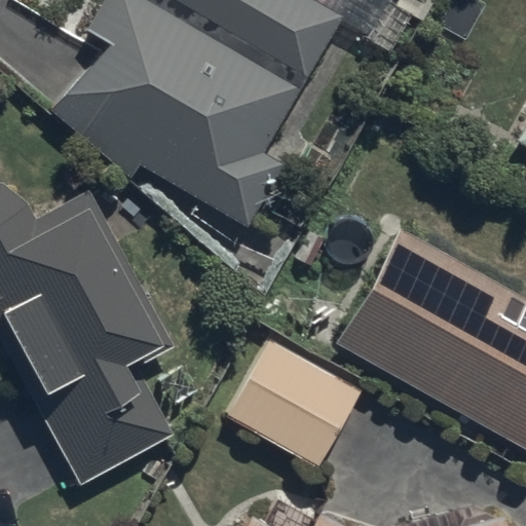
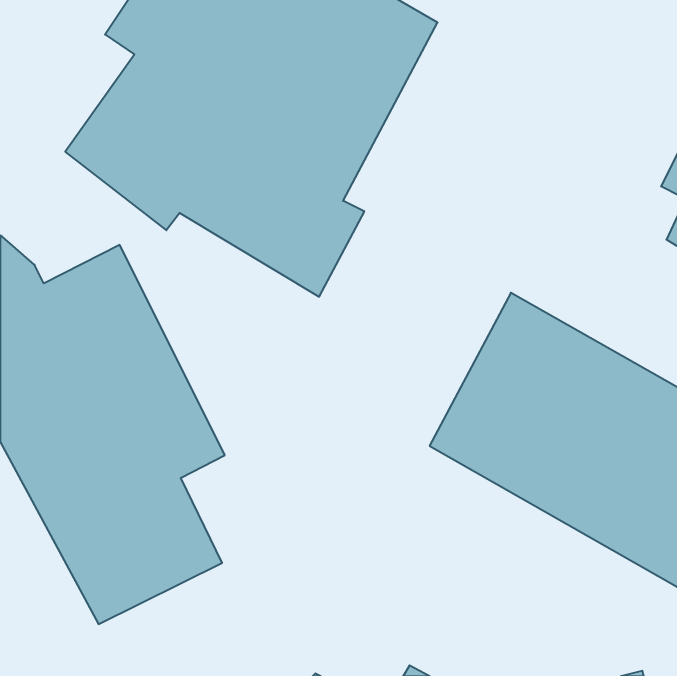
building: [226,341,359,465] -> none

